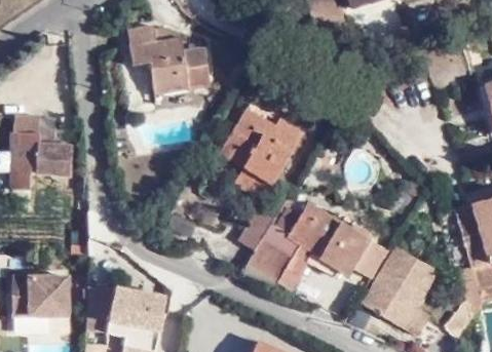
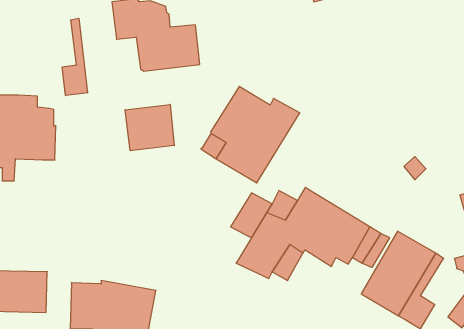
building: none -> [62,18,88,96]
building: none -> [125,104,174,151]

